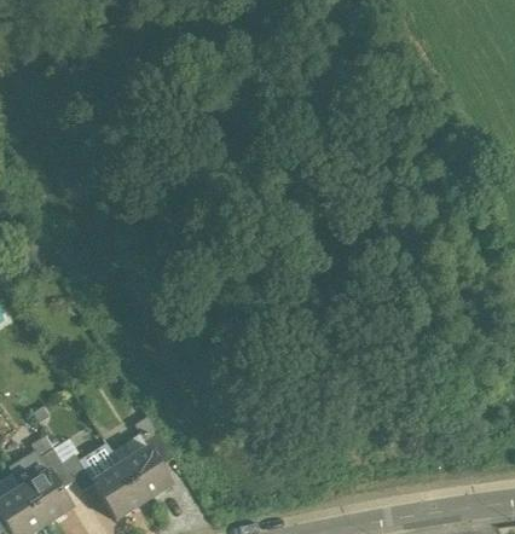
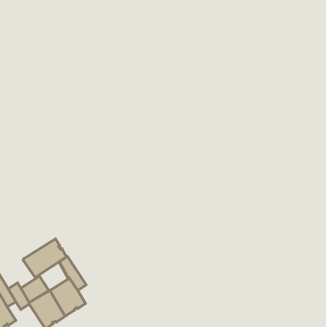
building: none -> [23,239,66,278]

